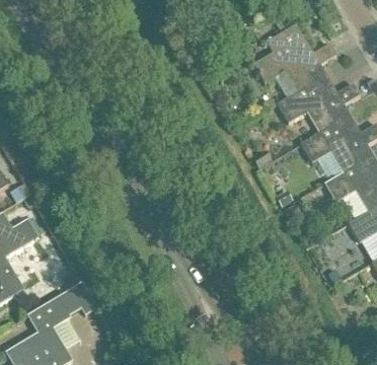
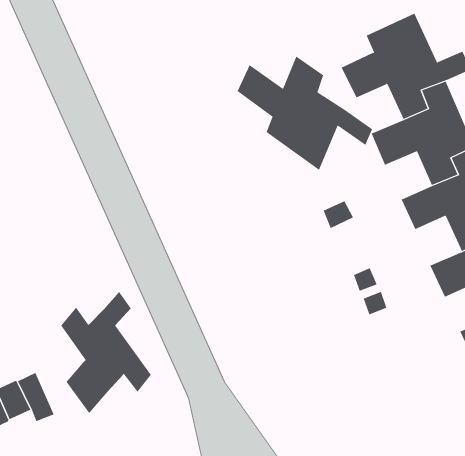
building: none -> [237,55,373,171]
building: none -> [60,291,152,414]

